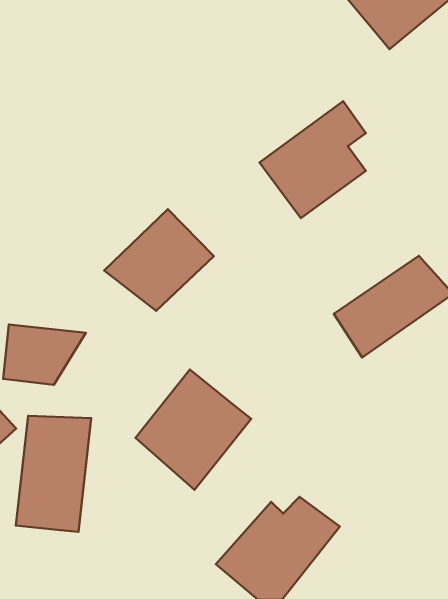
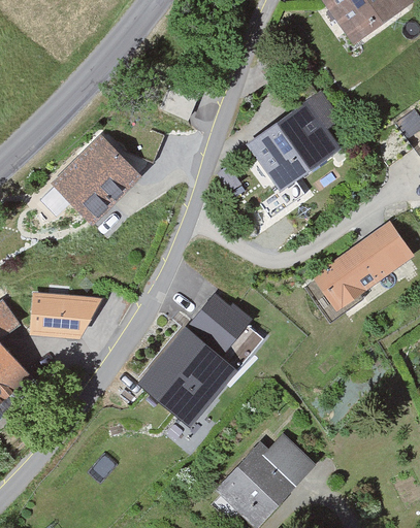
building: [104,209,214,311] -> [46,134,142,223]
building: none -> [185,296,251,355]
building: [16,416,91,532] -> none

